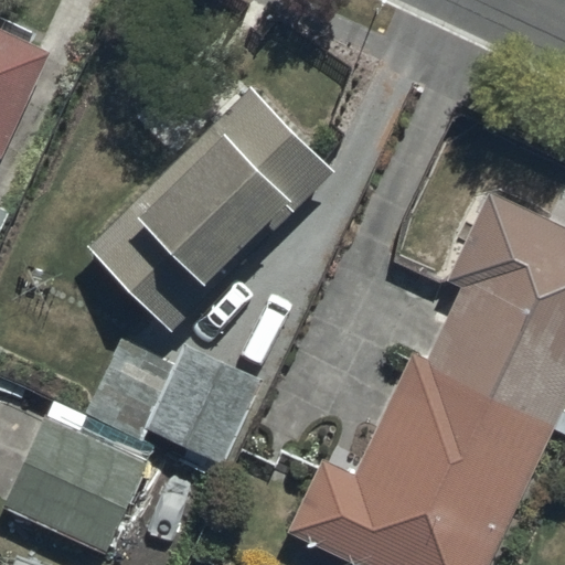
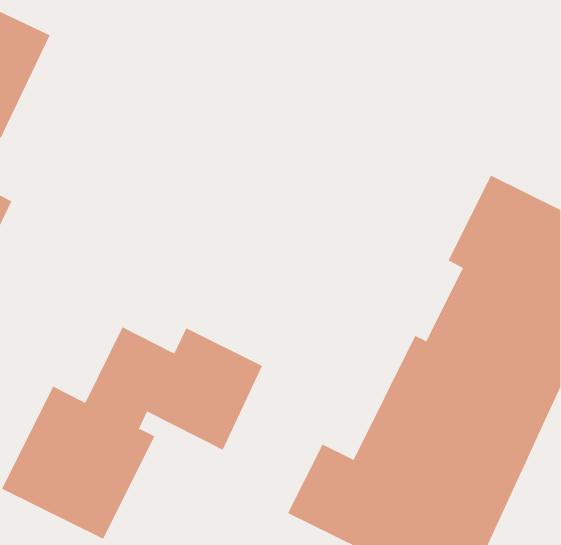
building: [92,89,331,328] -> none

